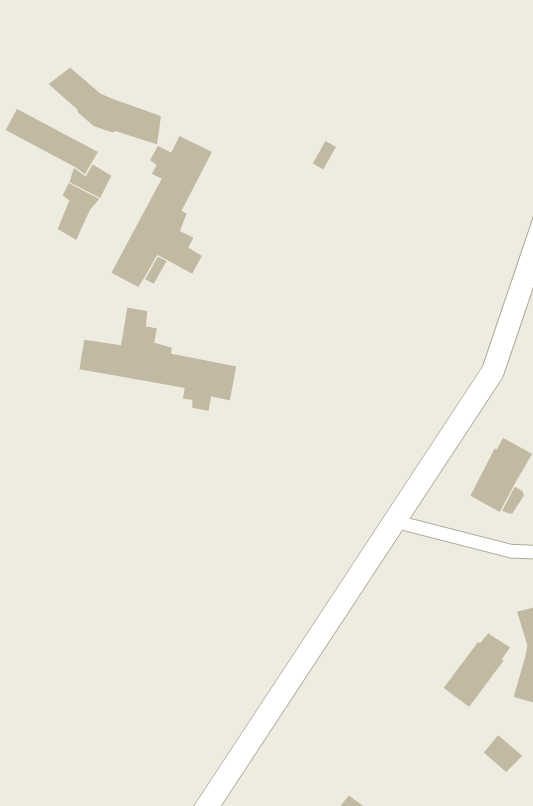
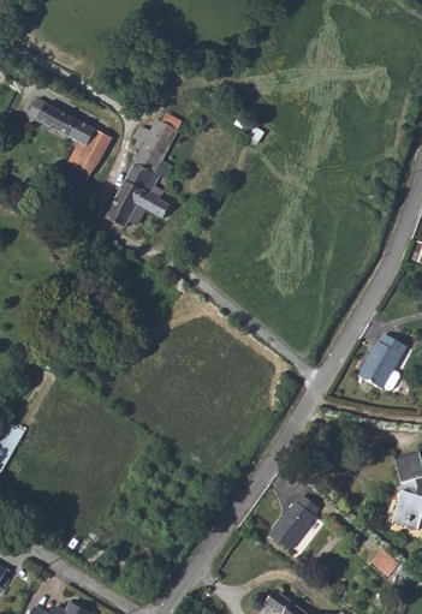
building: [48,66,161,145] -> none
building: [79,307,237,411] -> none
building: [443,632,511,708] -> [269,495,319,549]

